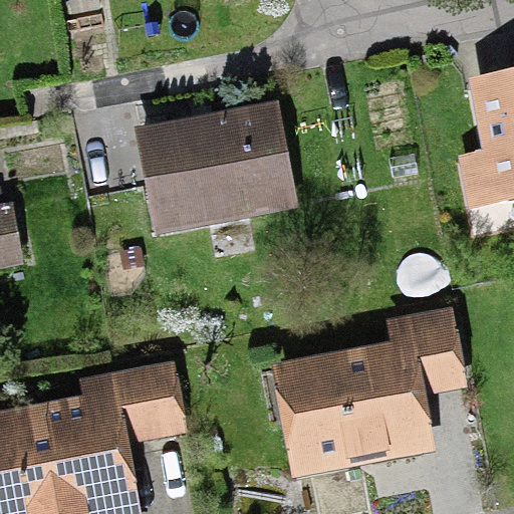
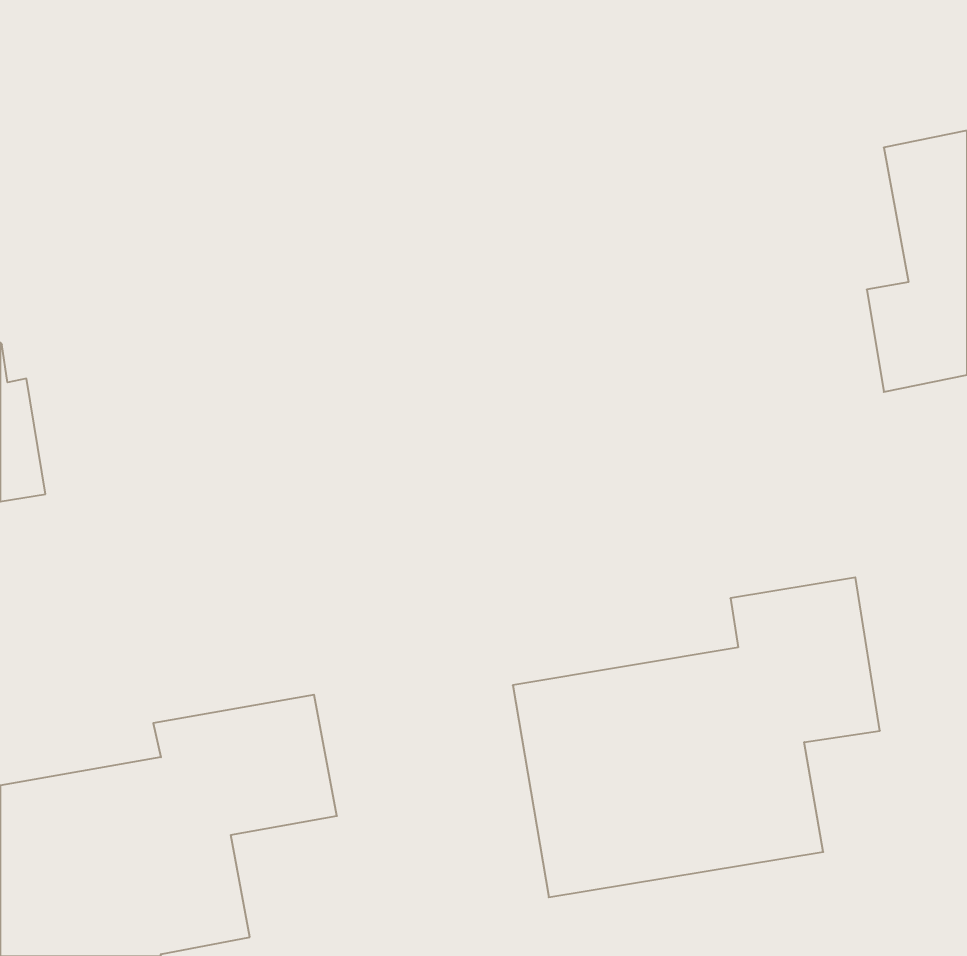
building: [135,101,297,233] -> none

